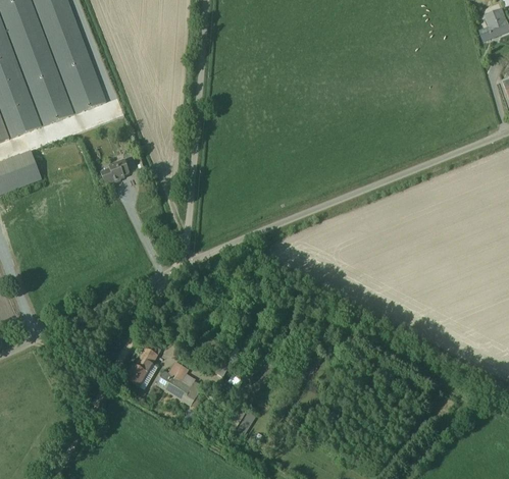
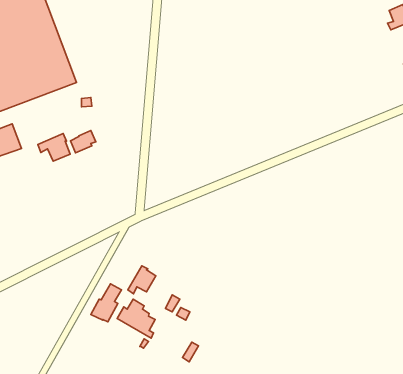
building: none -> [38,134,70,161]
building: none -> [128,266,156,294]

